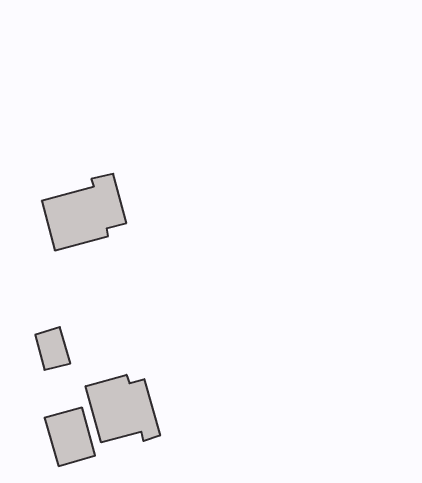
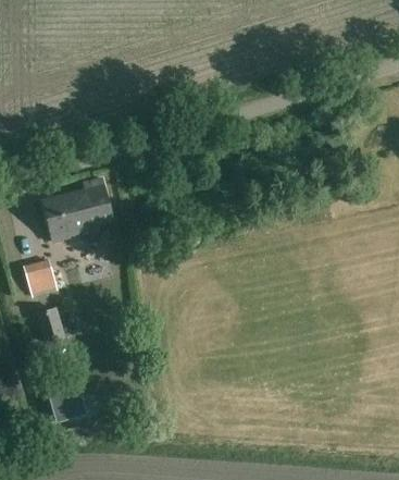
building: none -> [24,258,58,293]
building: [86,375,160,442] -> none

